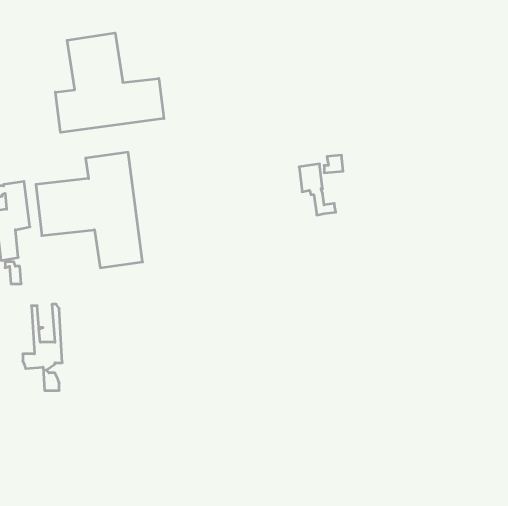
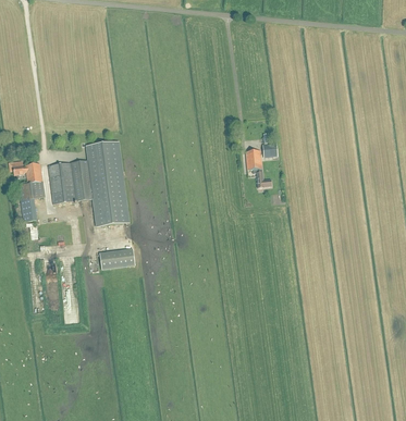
building: [55,33,164,132] -> none
building: none -> [98,248,134,269]

